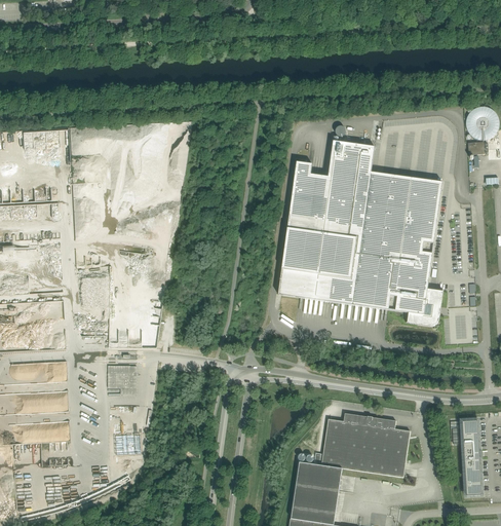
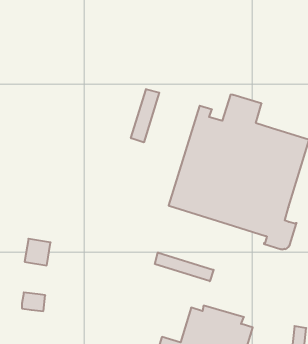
building: none -> [131,89,159,142]
building: none -> [155,252,214,281]

